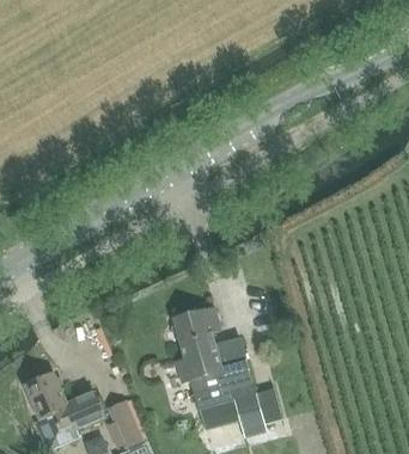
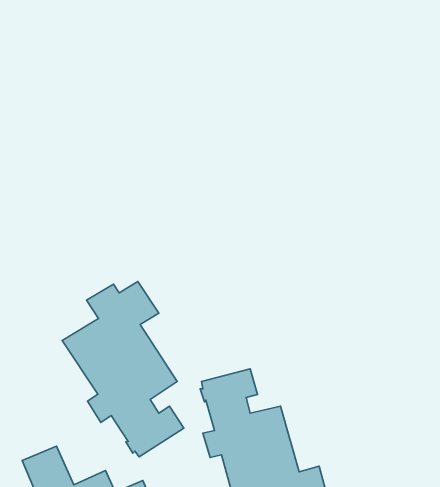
building: none -> [62,281,184,457]

